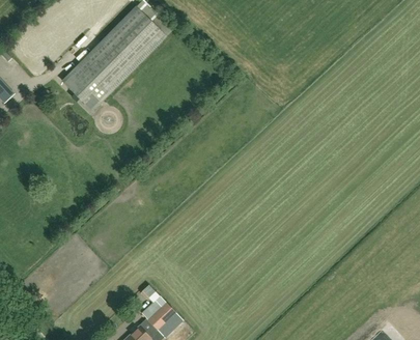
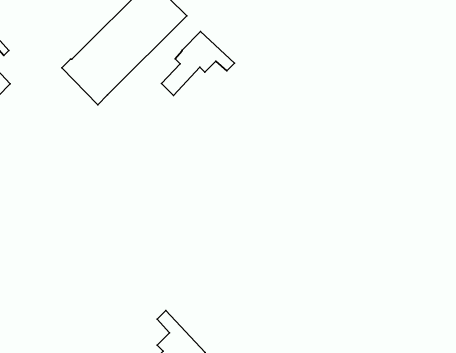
building: none -> [162,32,235,95]

